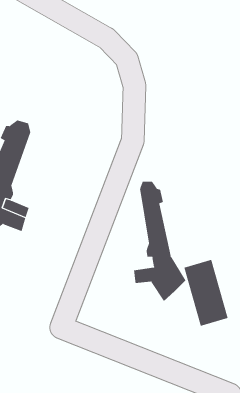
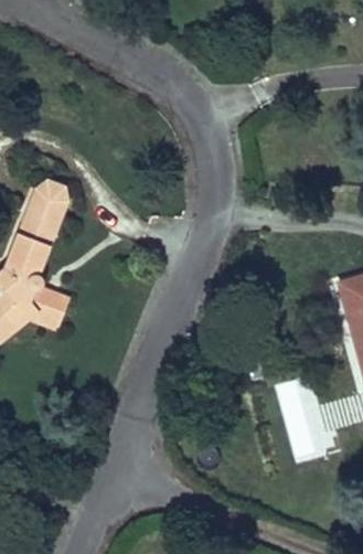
building: [134,181,186,302] -> none

